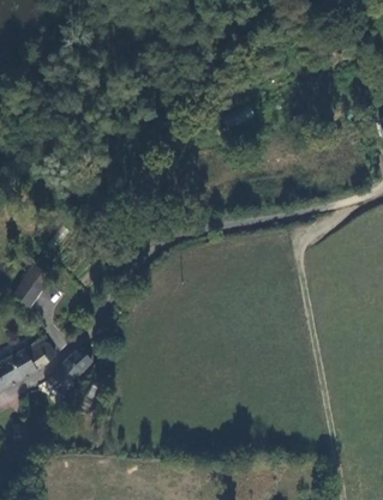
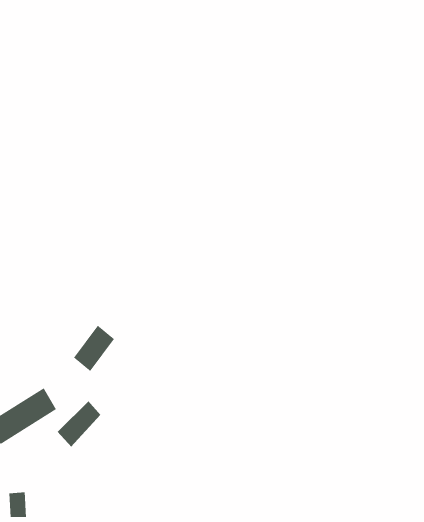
building: [17,269,52,308] -> [73,325,115,372]

